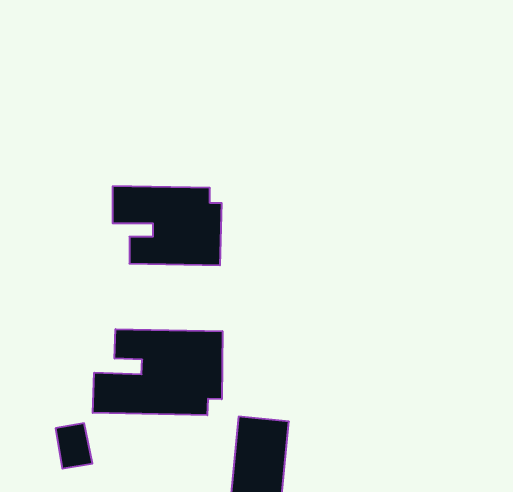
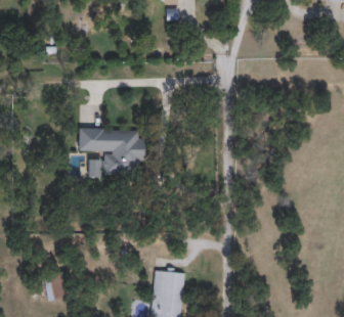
building: [93,329,222,415] -> none

